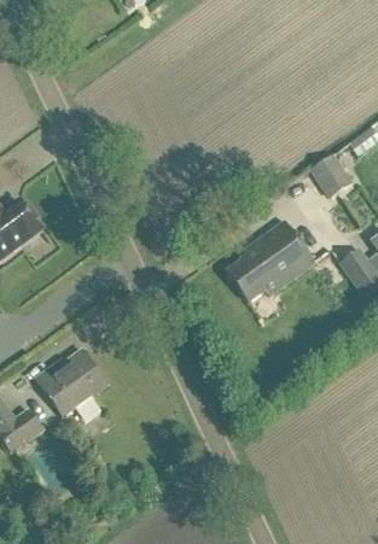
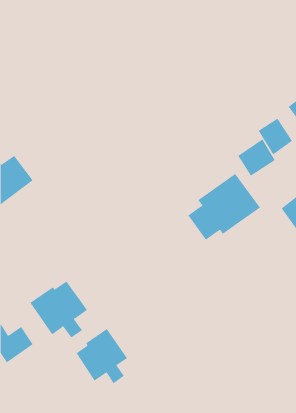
building: none -> [237,139,276,176]
building: none -> [76,328,128,384]

